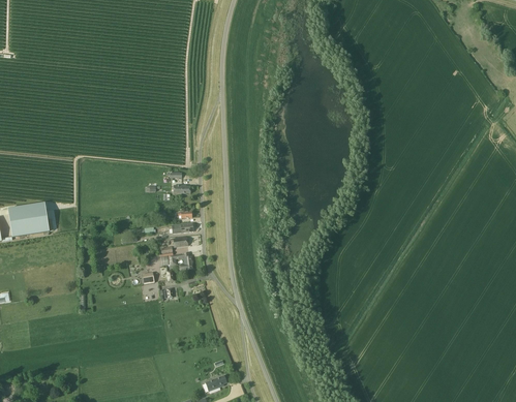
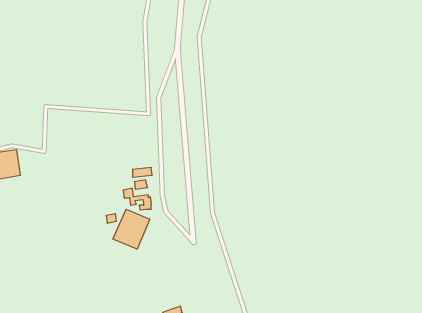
building: none -> [113,209,150,249]

